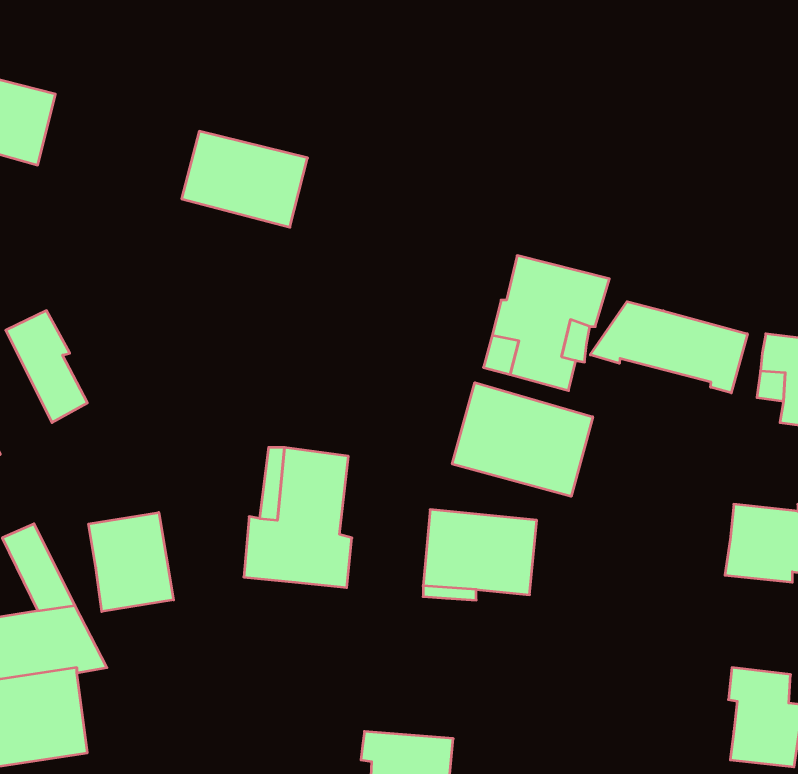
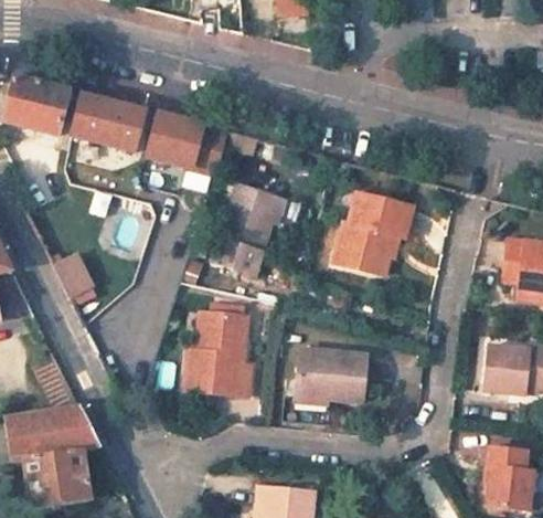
building: none -> [71,94,143,151]
building: none -> [214,178,281,269]
building: [590,302,747,393] -> none
building: [452,383,593,496] -> none
building: [89,512,174,612] -> none

